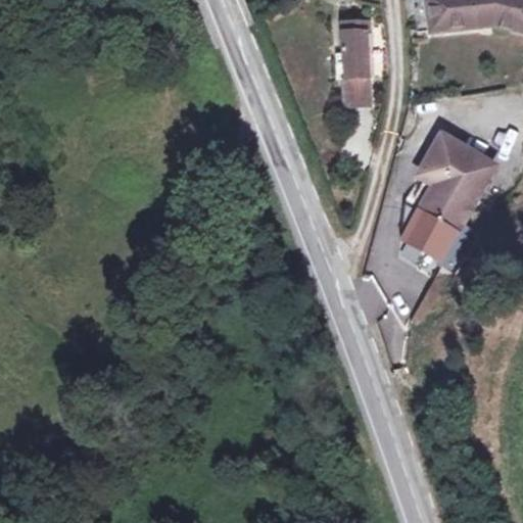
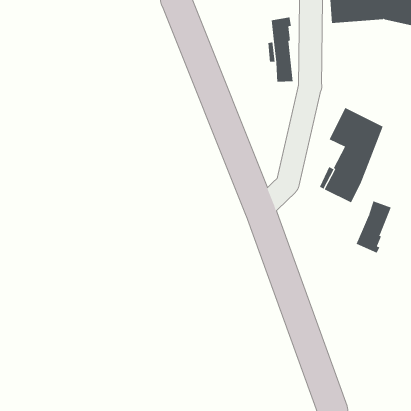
building: none -> [356,200,392,253]

